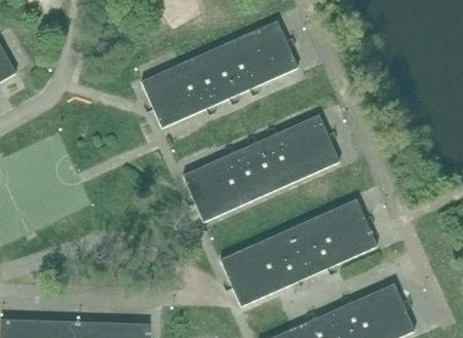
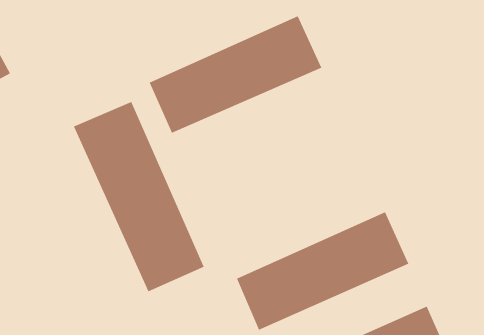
building: none -> [73,101,205,292]
building: [182,114,339,222] -> none

